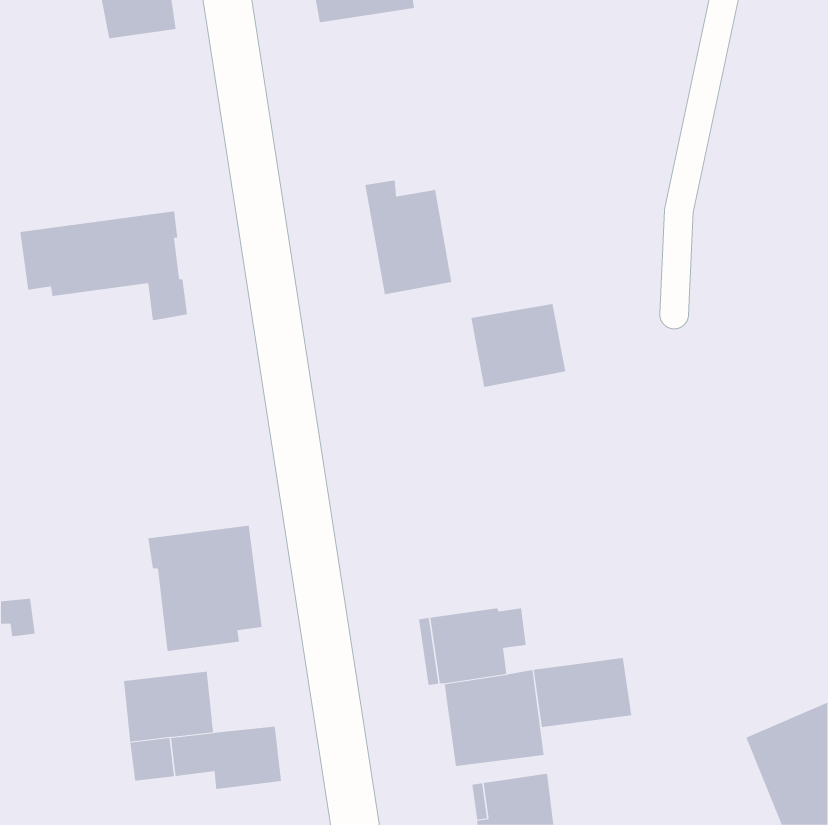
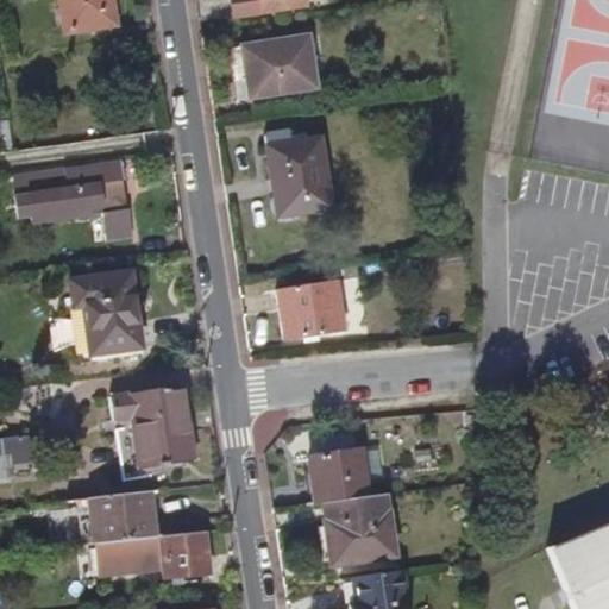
building: none -> [240,37,318,101]
building: [470,303,566,388] -> [277,280,347,341]
building: none -> [76,275,144,356]
building: [533,657,632,728] -> none

